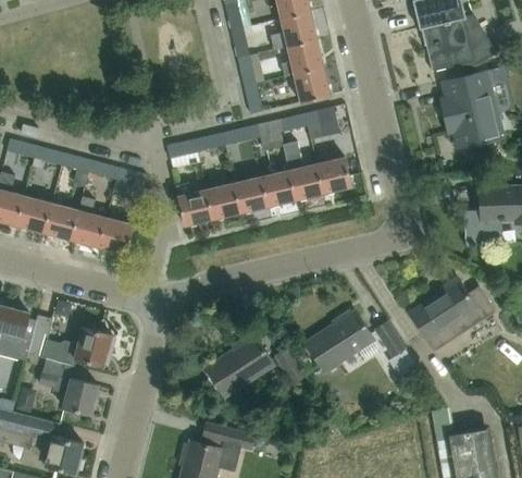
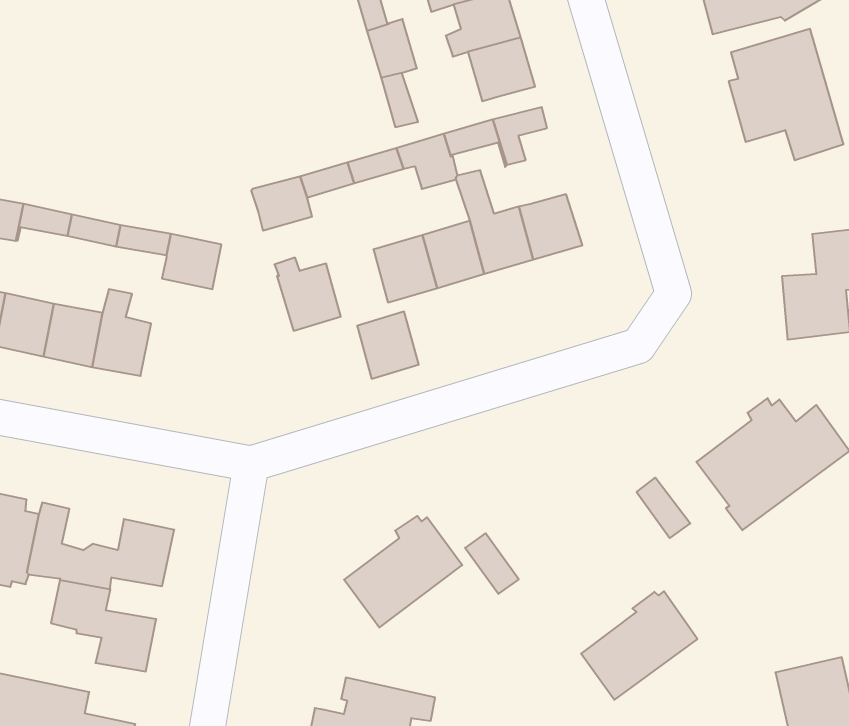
building: [207,182,240,219] -> [357,312,419,379]
building: [98,217,135,254] -> none
building: [307,310,373,370] -> [581,591,697,700]

